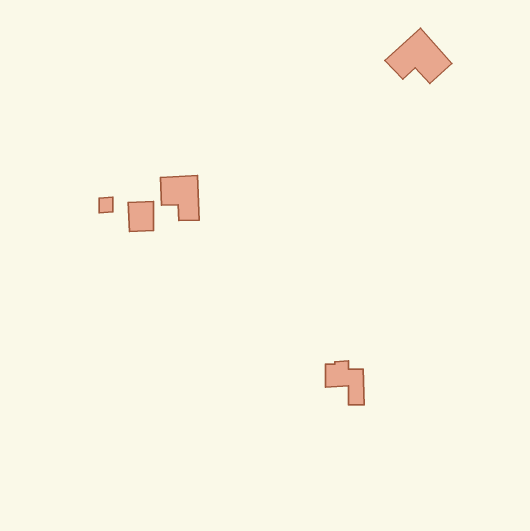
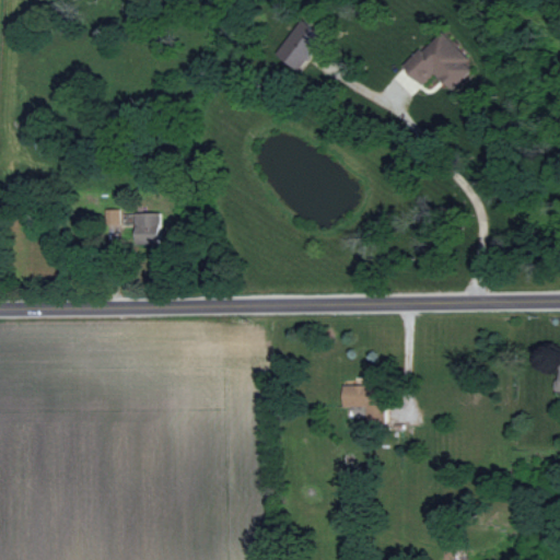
building: none -> [277,19,314,70]
building: [160,176,199,221] -> none

